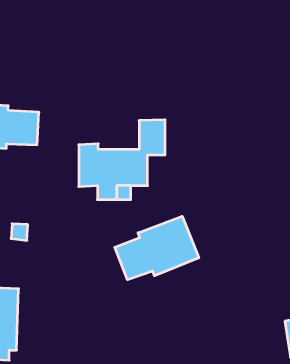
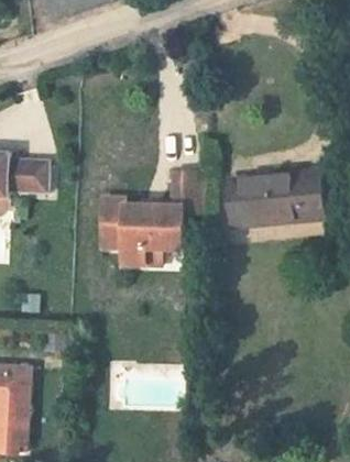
building: none -> [228,172,325,228]
building: [115,216,199,280] -> none

